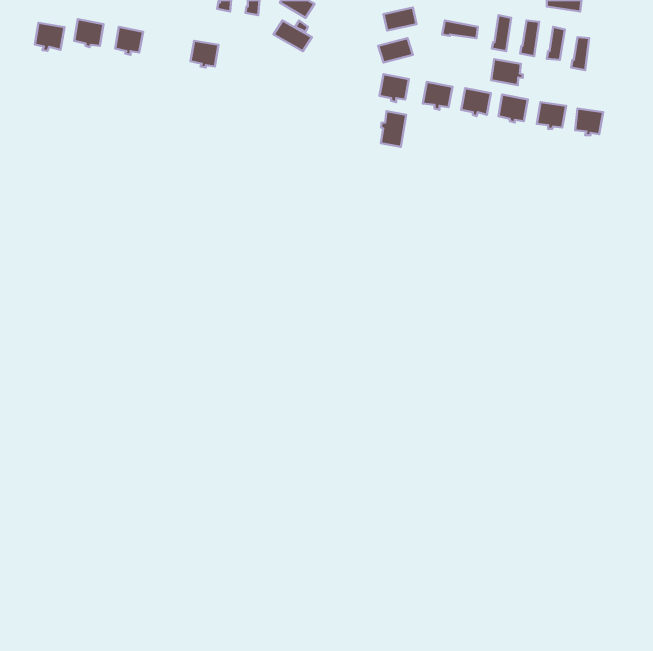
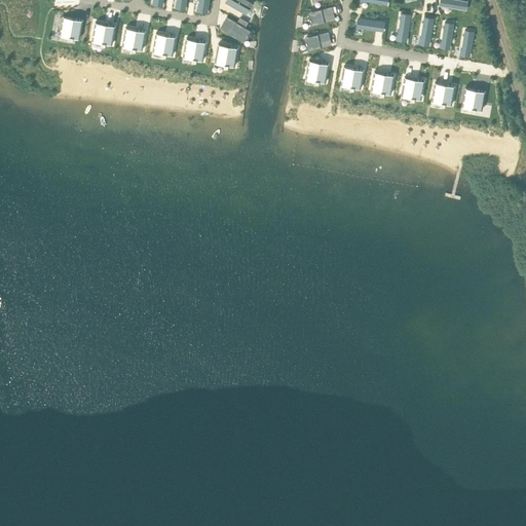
building: [35,23,65,51] -> none
building: none -> [122,28,146,50]
building: none -> [183,39,206,61]
building: none -> [215,44,238,67]
building: [491,59,523,85] -> none
building: [381,111,406,147] -> none

